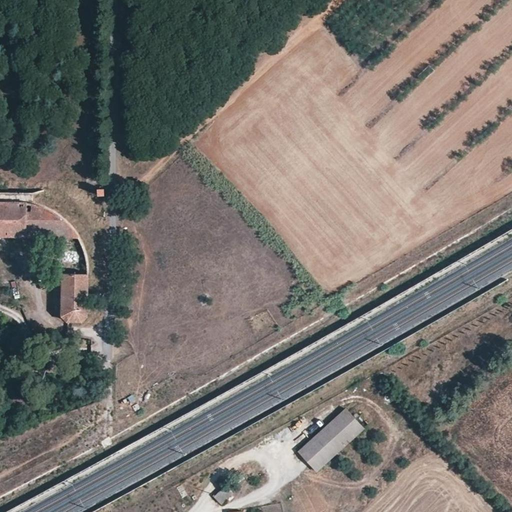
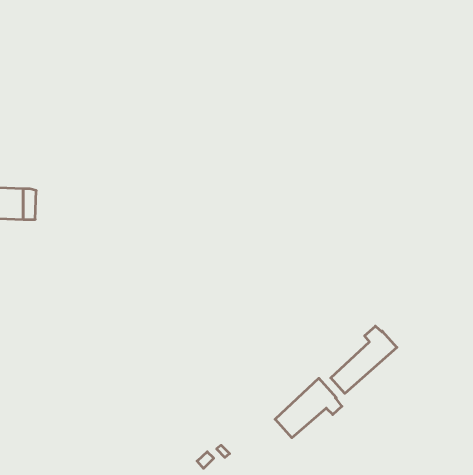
building: [59,273,85,321] -> none
building: none -> [331,326,397,393]

